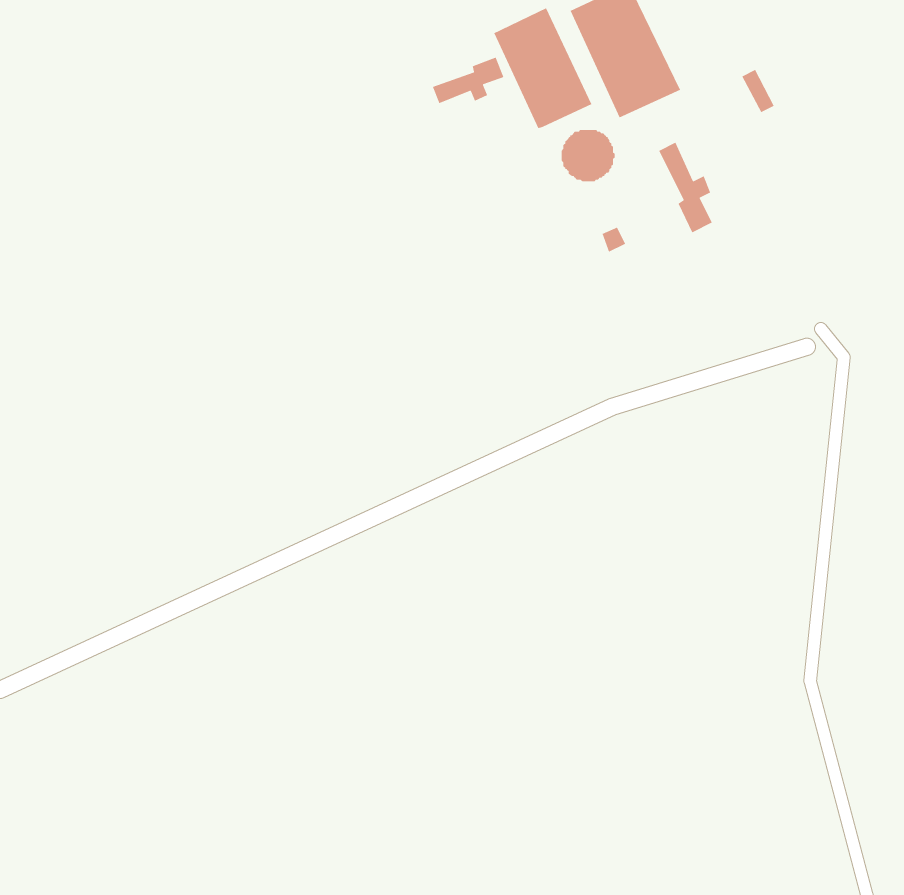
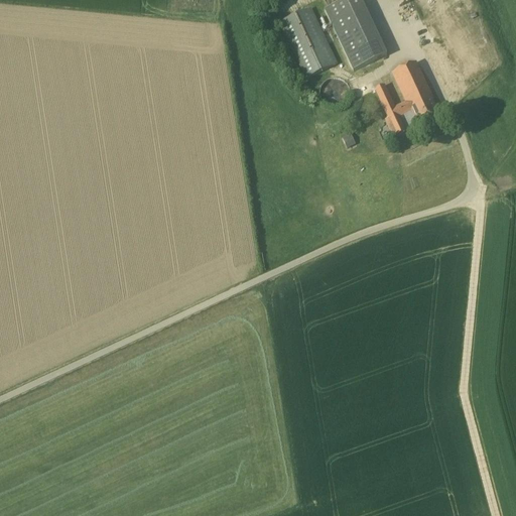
building: [432,56,505,104] -> none
building: none -> [392,57,439,121]

